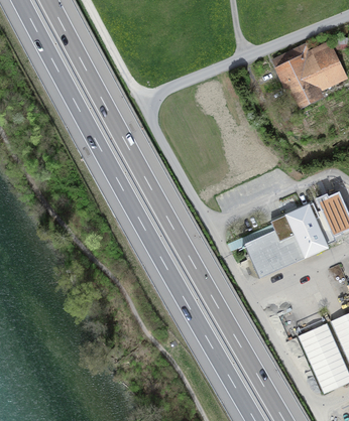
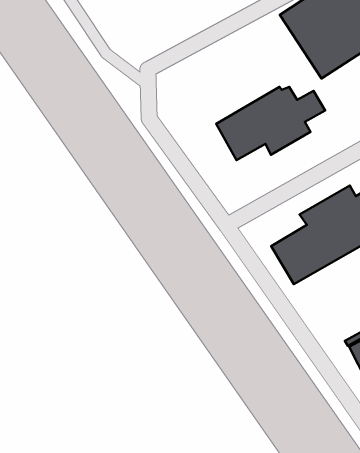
building: none -> [216,87,325,160]

